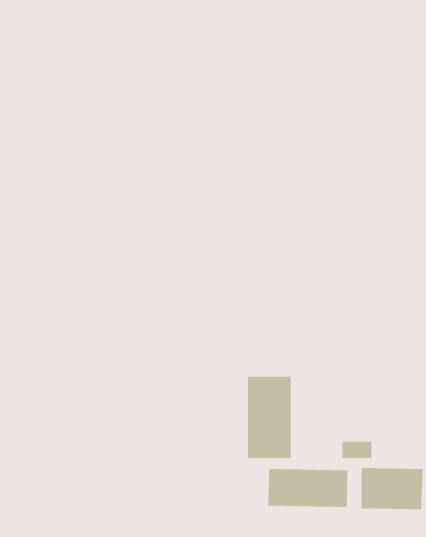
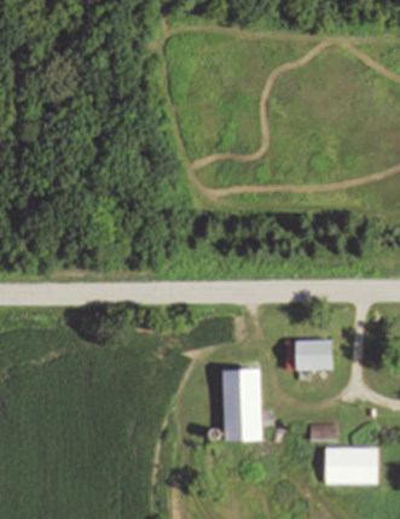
building: none -> [283,338,336,369]
building: [268,468,348,508] -> none

